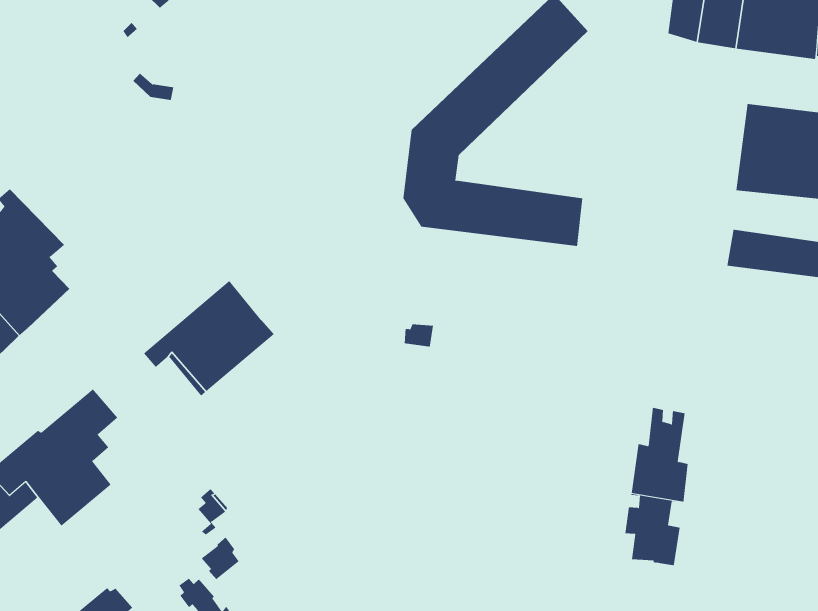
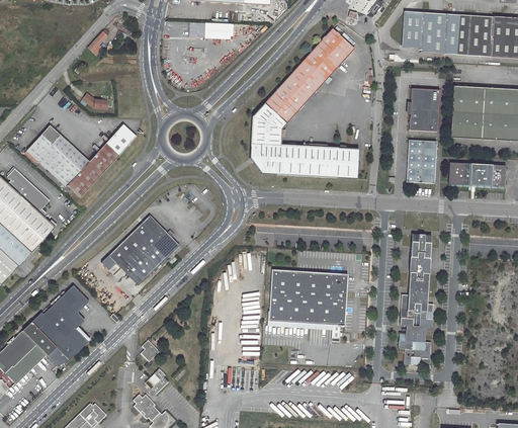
building: none -> [407,88,437,132]
building: none -> [27,124,136,196]
building: none -> [406,140,436,183]
building: none -> [409,234,431,273]
building: none -> [267,271,350,343]

